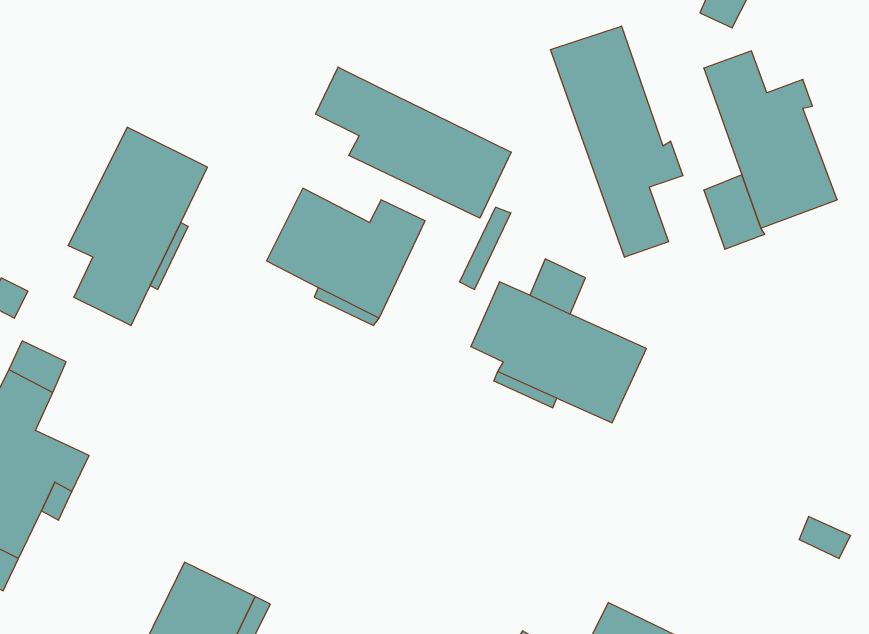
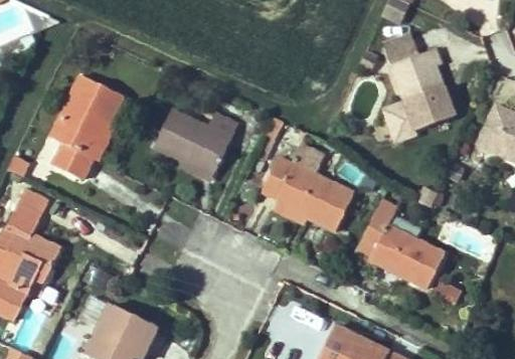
building: [550,26,683,257] -> none
building: [316,67,511,218] -> none
building: none -> [355,200,445,289]

